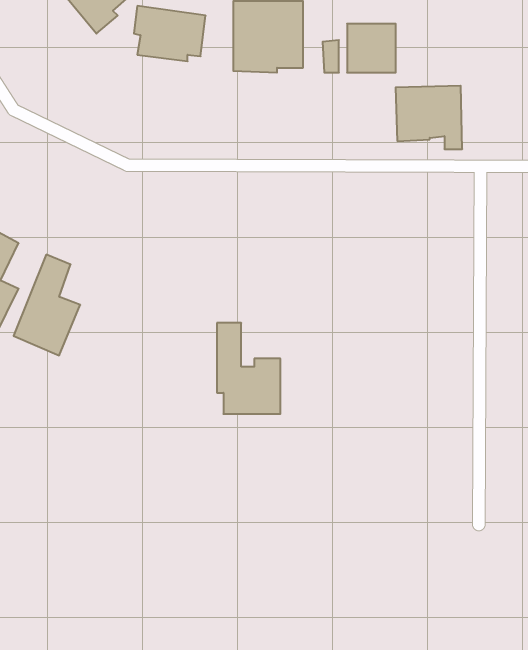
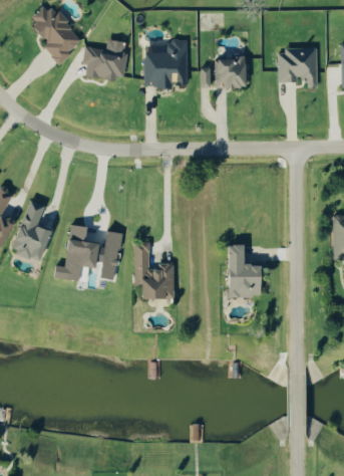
building: [396,86,462,149] -> [278,48,319,87]
building: none -> [53,224,98,280]
building: none -> [97,230,124,280]
building: none -> [226,245,260,297]

